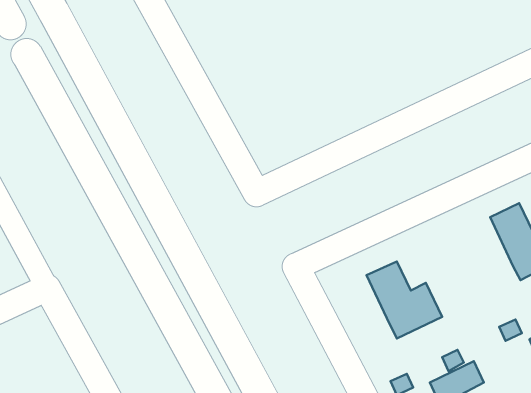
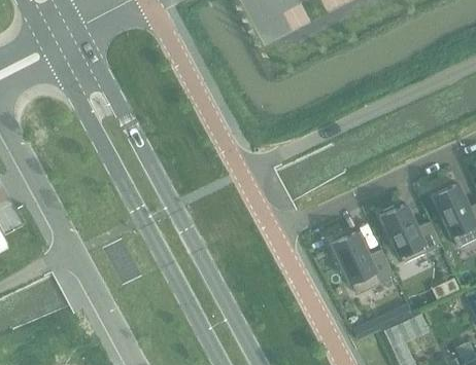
building: none -> [381,206,441,264]

